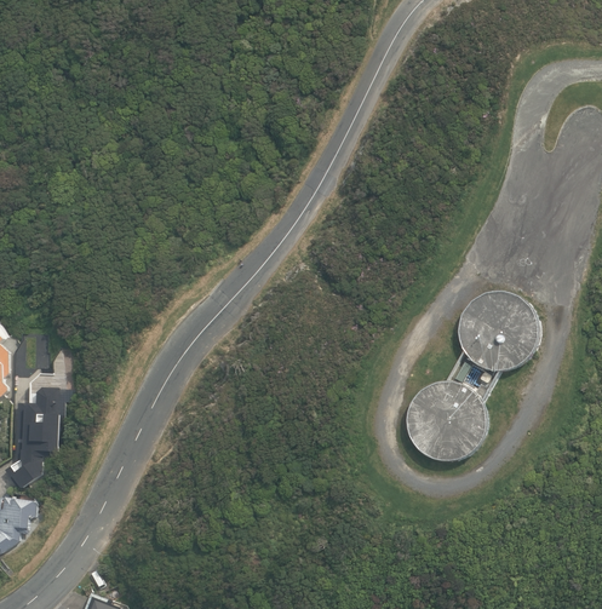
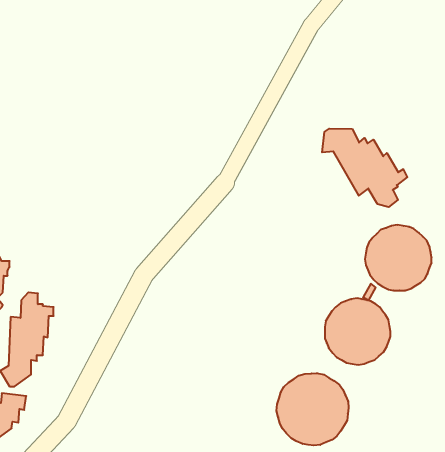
building: none -> [322,129,407,207]
building: none -> [277,373,349,445]

